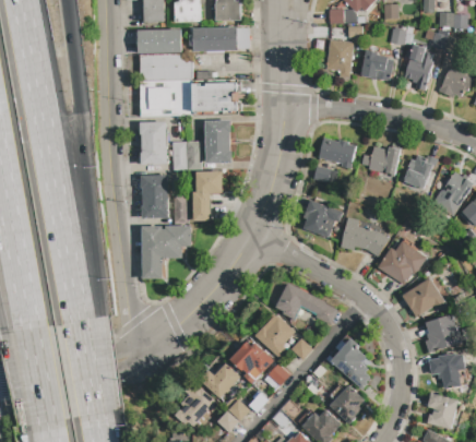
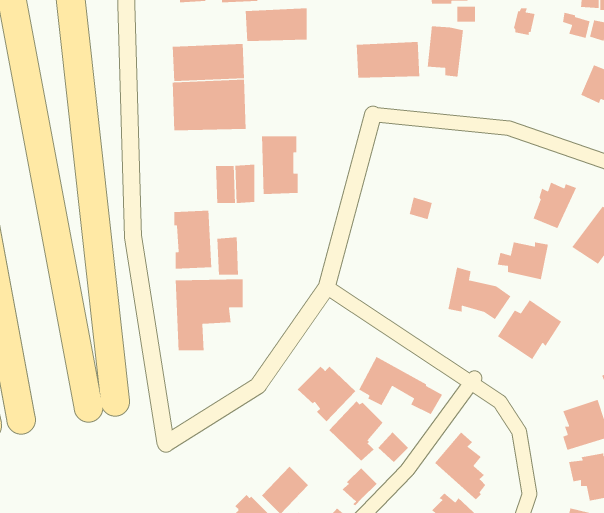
building: [138,28,181,53] -> none
building: [404,44,432,89] -> none
building: [360,49,393,81] -> none
building: [193,82,240,109] -> [356,41,420,78]
building: [139,122,166,164] -> none
building: [318,138,355,169] -> none
building: [360,146,398,175] -> [497,241,549,280]
building: [192,171,222,220] -> none
building: [304,199,341,236] -> none
building: [402,277,445,316] -> none
building: [228,342,272,383] -> [297,366,356,422]

